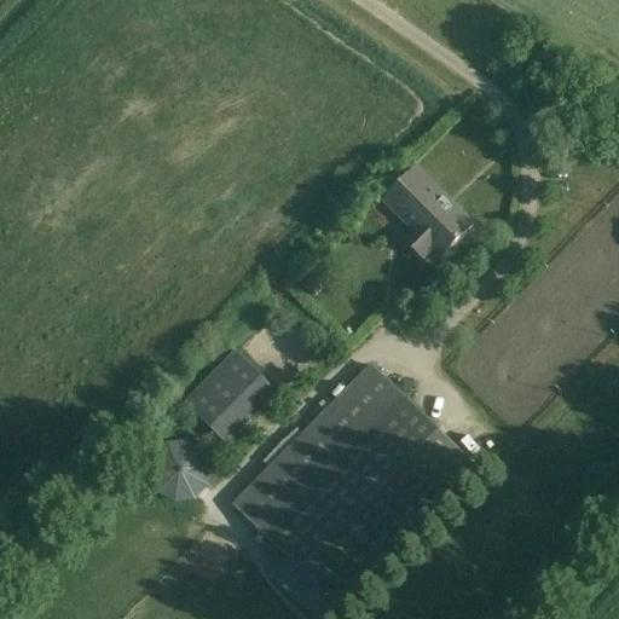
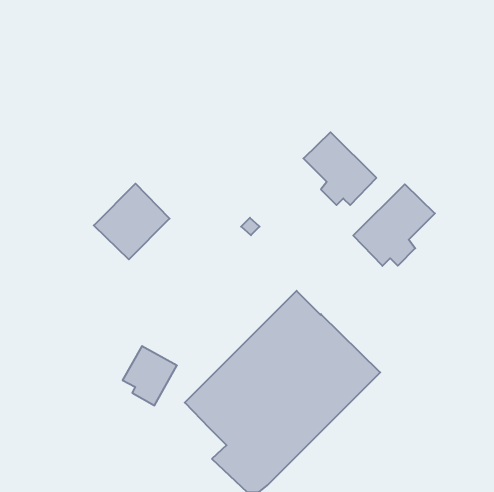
building: none -> [353,184,435,266]
building: [180,346,274,440] -> [94,184,170,259]

